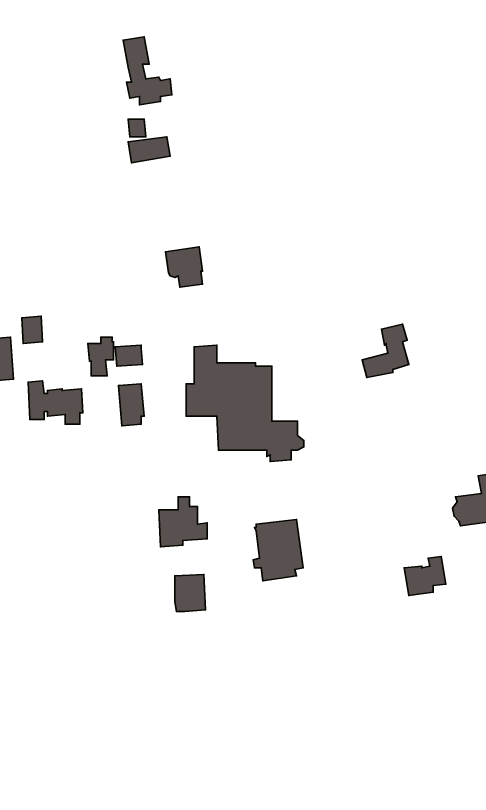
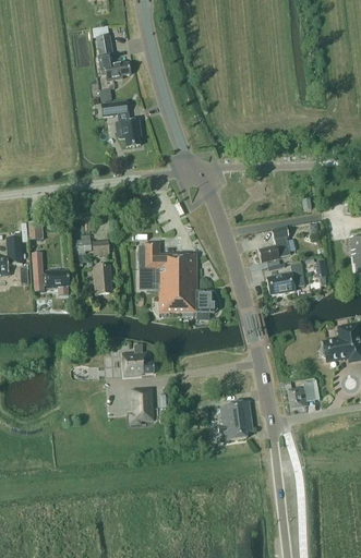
building: [165,247,203,287] -> [116,117,141,144]
building: none -> [268,262,305,292]
building: [253,519,303,581] -> [218,399,252,440]

